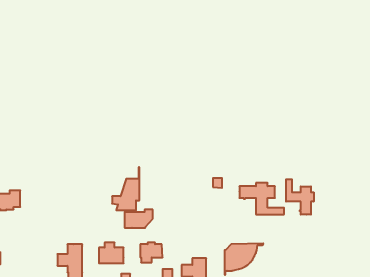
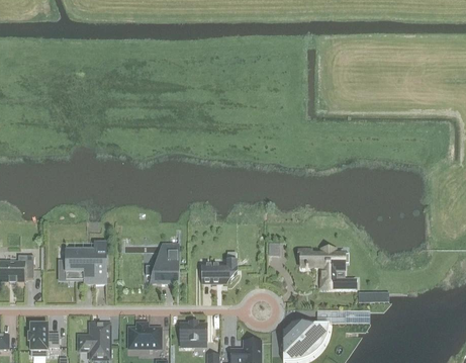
building: none -> [59,240,105,282]
building: [286,179,314,215] -> none
building: [125,210,153,228] -> [201,260,236,282]
building: none -> [27,321,58,349]

